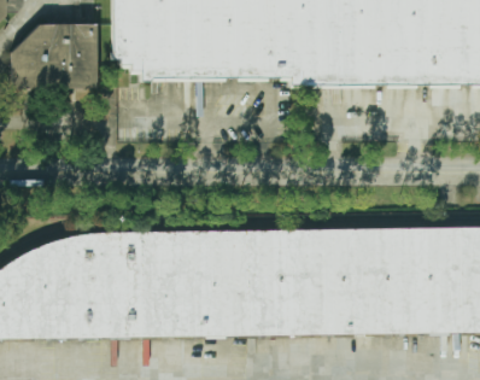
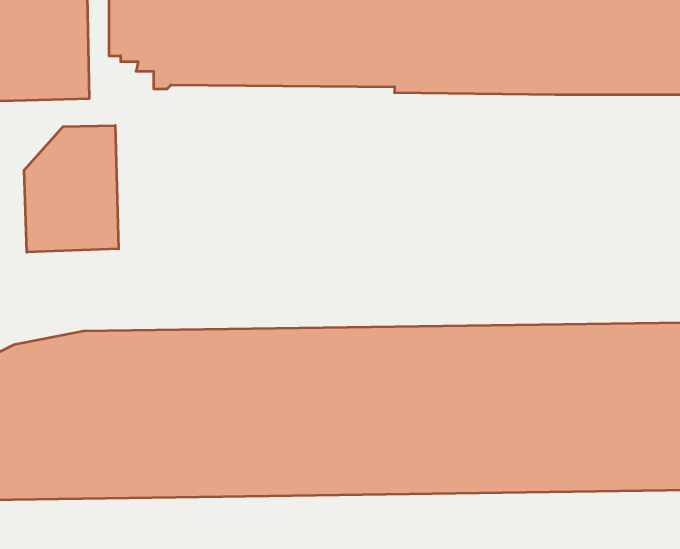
building: none -> [24,125,119,252]

